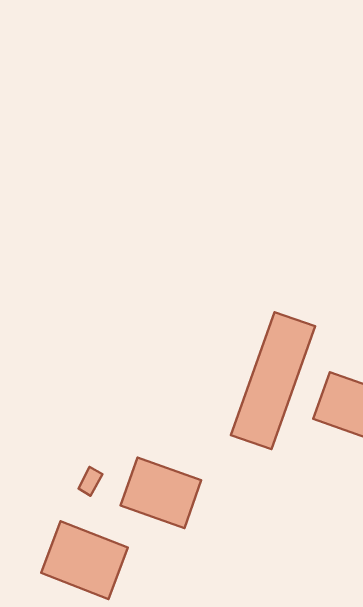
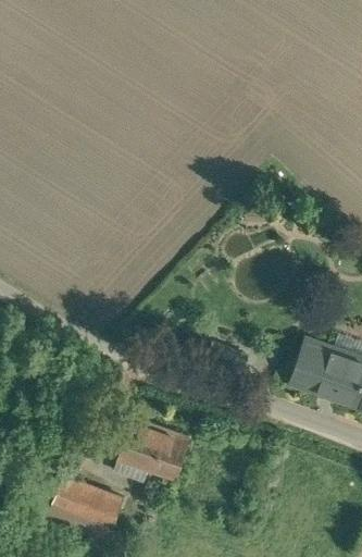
building: [231,312,315,449] -> none

